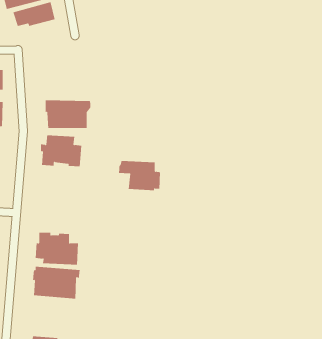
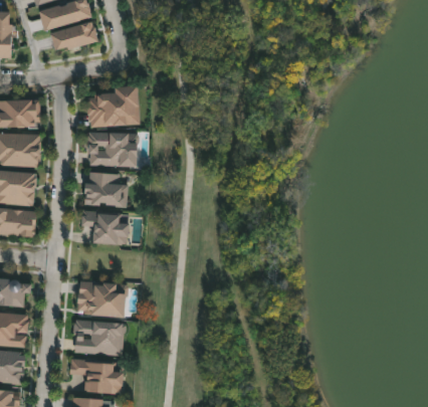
building: none -> [85,84,140,128]
building: [118,160,161,191] -> [79,211,128,245]
building: none -> [68,359,122,395]

